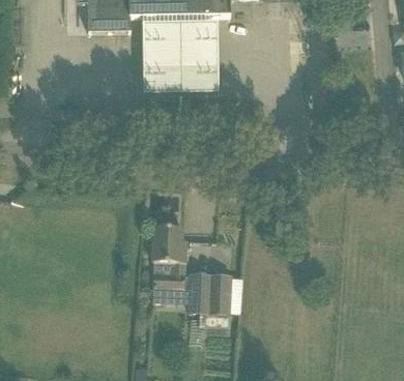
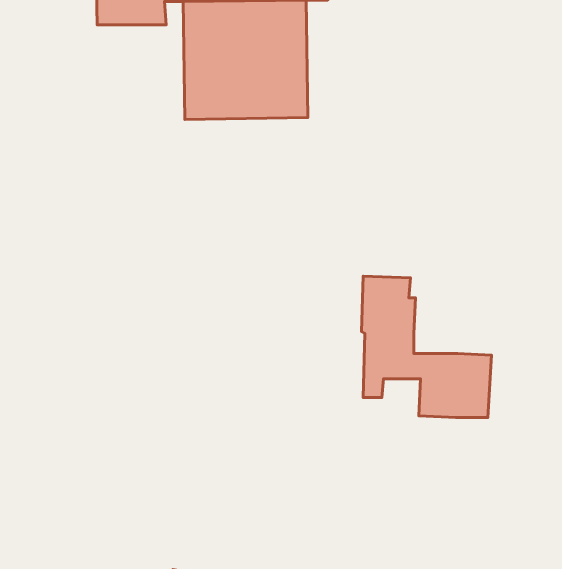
building: [151,227,231,314] -> [362,276,491,418]

